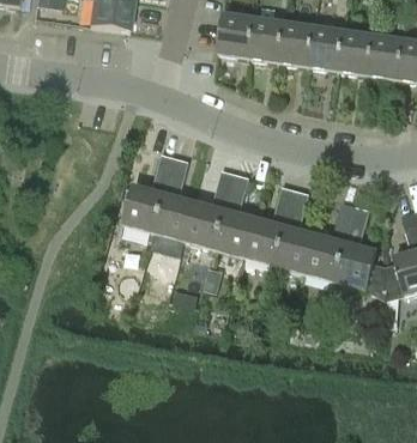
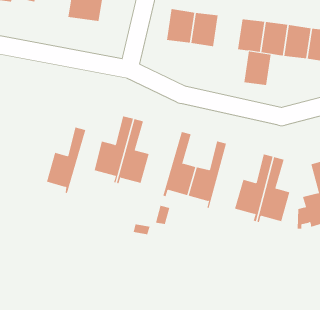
building: [278,23,314,67] -> [244,51,271,85]
building: [185,169,236,255] -> [46,127,86,194]
building: [272,188,315,273] -> none

